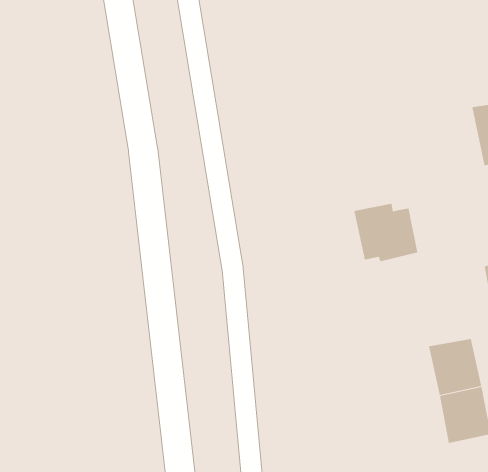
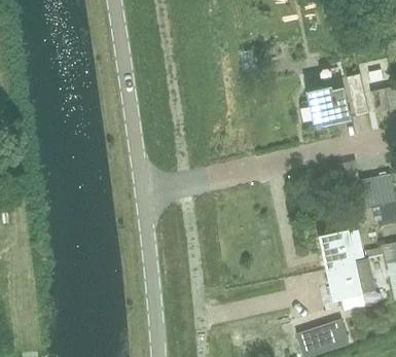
building: [354,203,418,262] -> [307,85,350,124]

